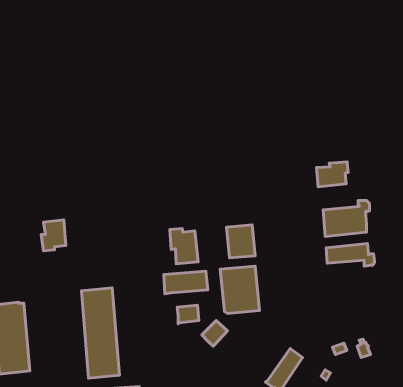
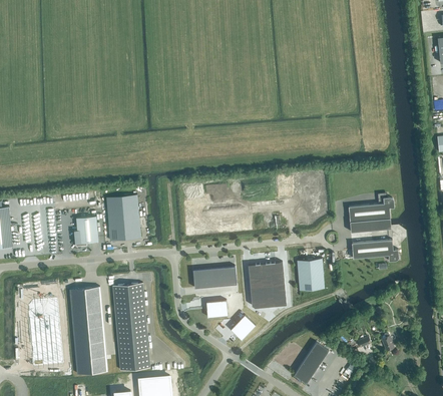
building: [317,162,348,187] -> none
building: none -> [105,195,140,241]
building: [226,225,255,258] -> [296,259,324,291]
building: [170,228,198,264] -> none
building: none -> [69,287,106,374]

